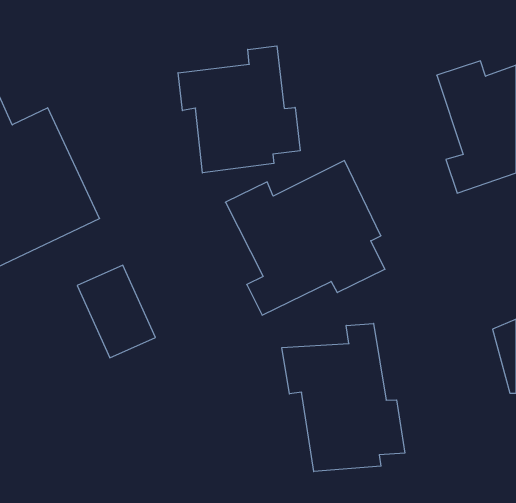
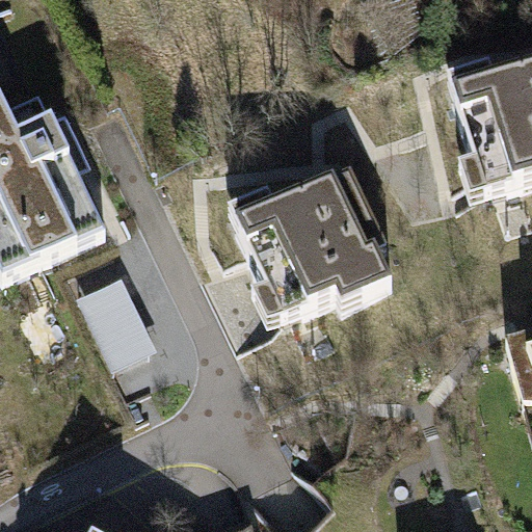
building: [178,46,300,173] -> none
building: [282,323,405,472] -> none

